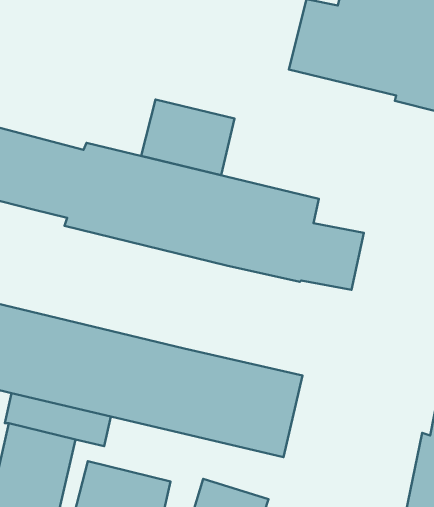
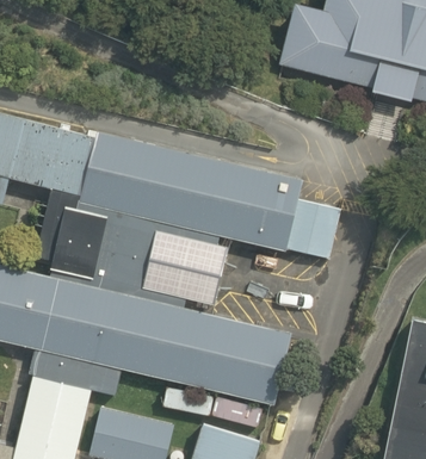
building: [141,100,234,175] -> none
building: none -> [36,188,222,310]

